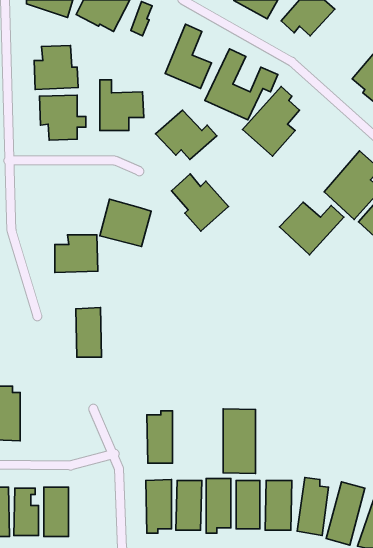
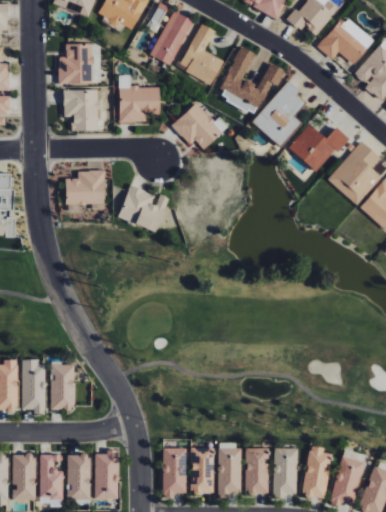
building: none -> [152,11,192,65]
building: none -> [318,23,368,64]
building: [171,174,229,231] -> none
building: [280,202,344,255] -> [288,124,348,173]
building: [55,235,98,272] -> [65,170,105,205]
building: [76,308,102,357] -> [50,364,74,410]
building: [223,409,256,473] -> none
building: [147,411,173,463] -> [94,450,118,499]

